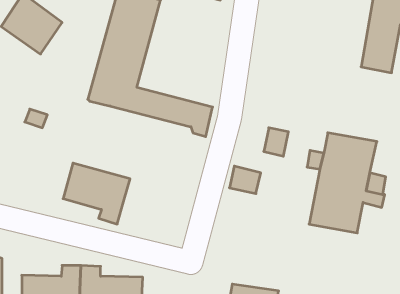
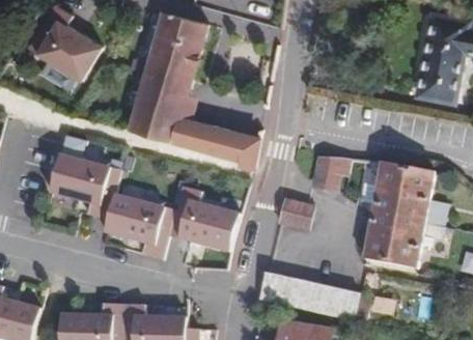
building: none -> [48,154,119,219]
building: none -> [167,185,240,252]
building: none -> [260,273,369,317]

